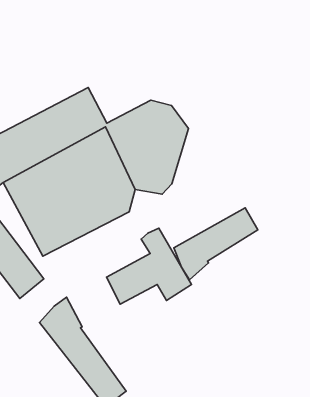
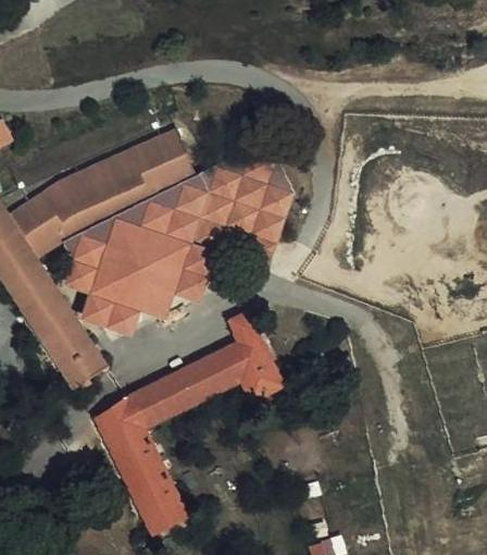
building: [174,208,258,280] -> none
building: none -> [128,369,193,428]

